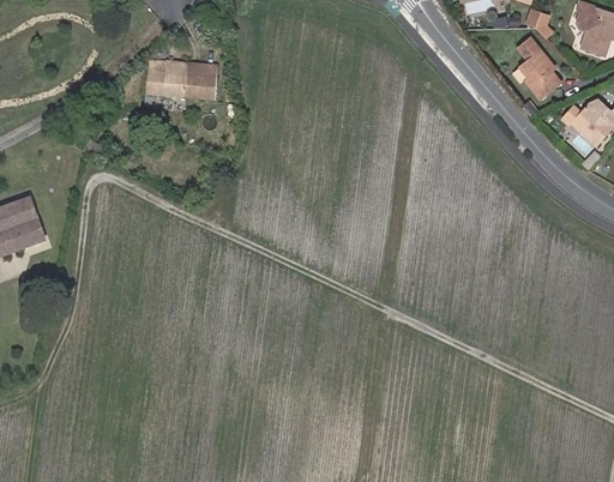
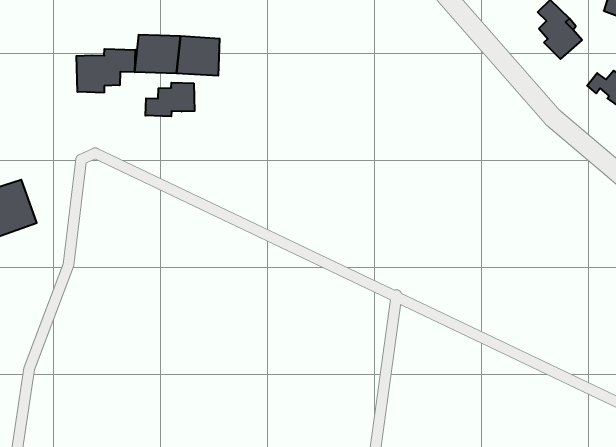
building: none -> [76,49,135,93]
building: none -> [145,83,195,116]

